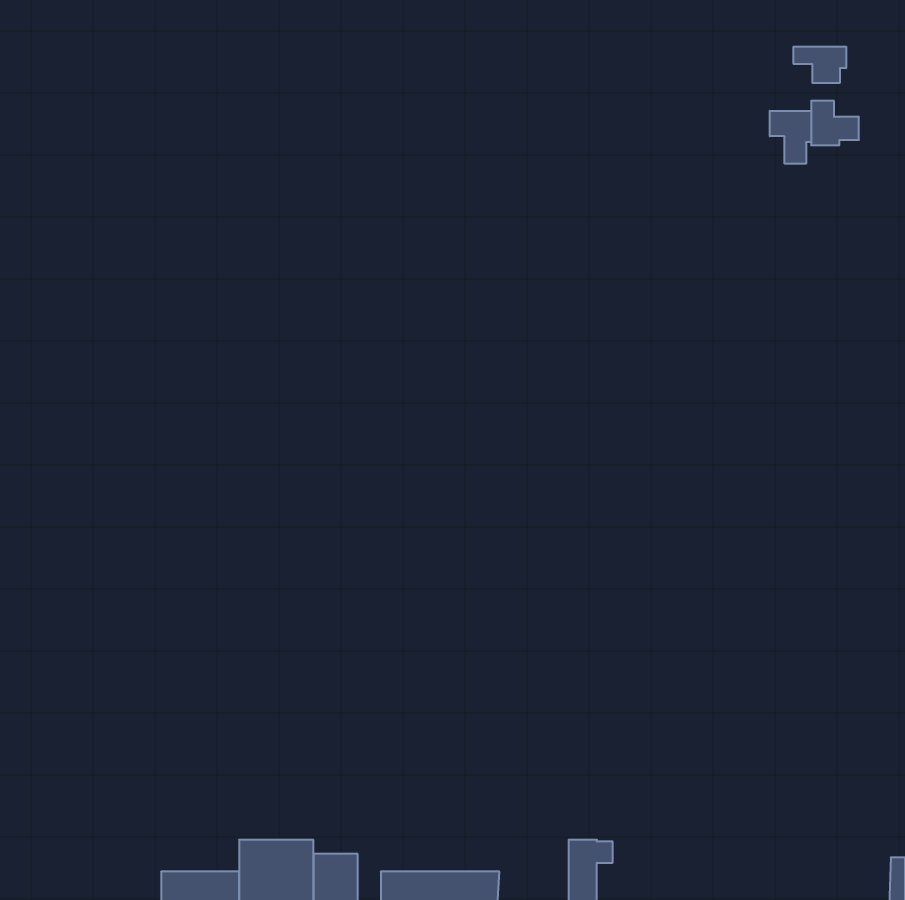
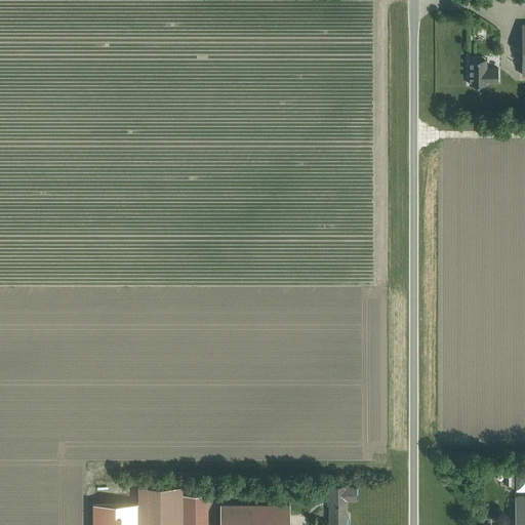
building: [794,47,846,83] -> none
building: [770,111,811,164] -> none

